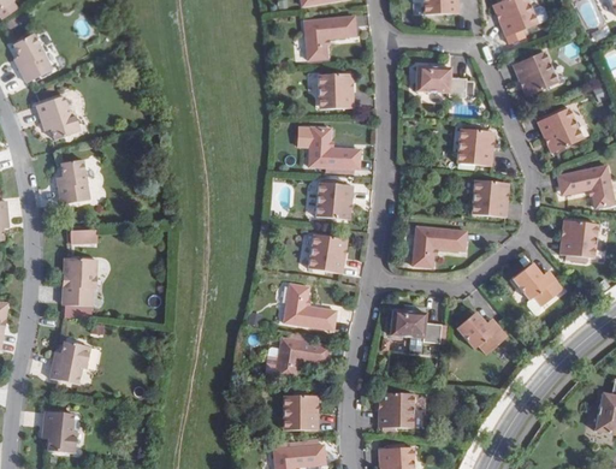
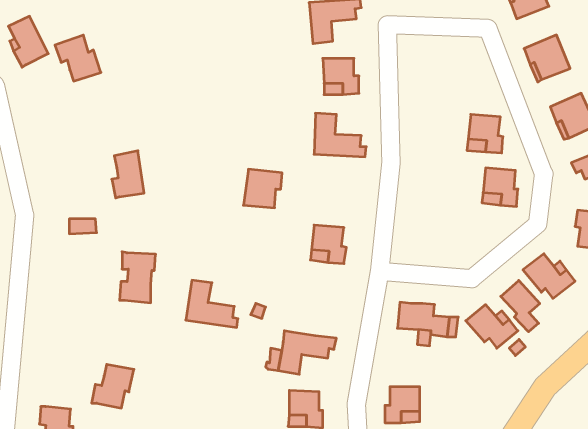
building: [415,66,472,96] -> none
building: [36,95,81,139] -> [55,35,101,81]
building: [58,159,89,204] -> [112,151,144,198]
building: [310,182,348,219] -> [243,169,282,208]
building: [411,226,464,268] -> none
building: [61,257,96,307] -> [120,252,156,303]
building: [282,284,332,330] -> [186,280,238,327]
building: none -> [501,280,540,332]
building: [49,342,90,384] -> [92,364,134,408]

